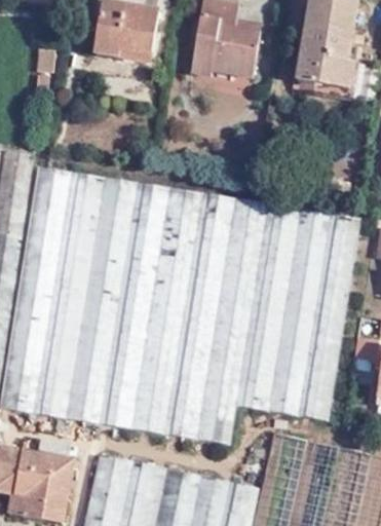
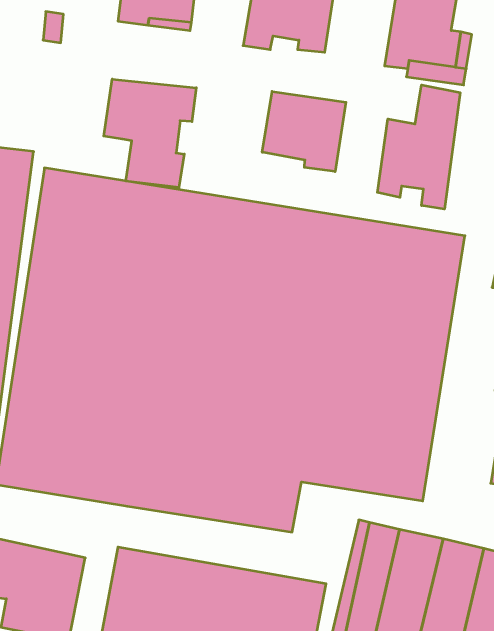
building: none -> [104,79,196,188]
building: none -> [377,85,460,209]
building: none -> [262,91,346,172]

